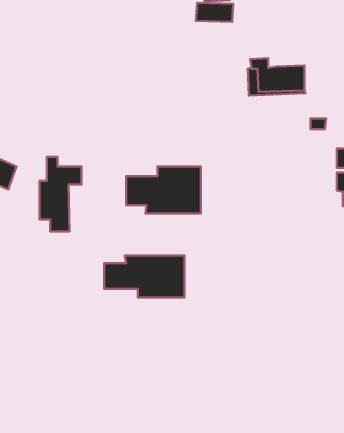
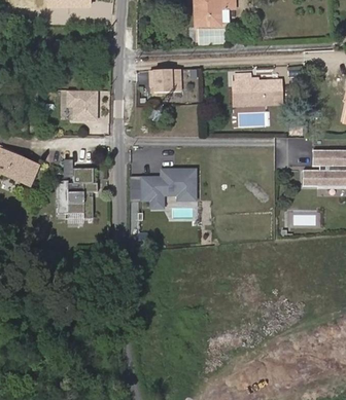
building: none -> [151,69,182,93]
building: none -> [64,87,97,120]
building: [104,256,184,297] -> none

